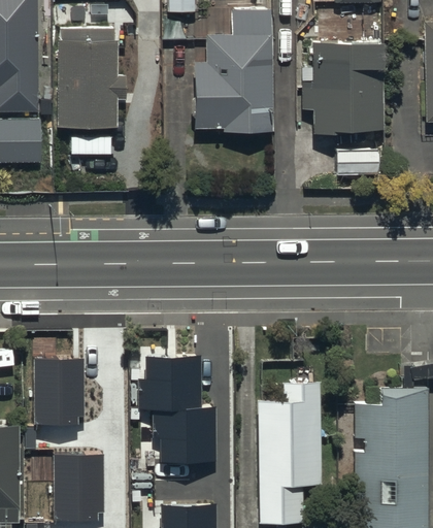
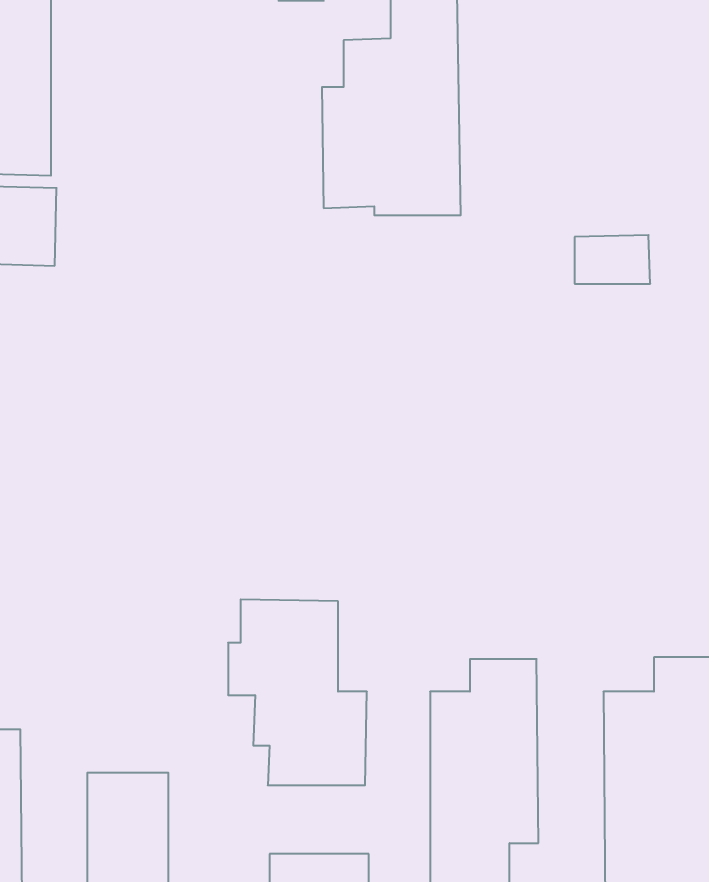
building: [56,29,125,127] -> none
building: [303,42,384,136] -> none
building: [39,359,86,424] -> none

